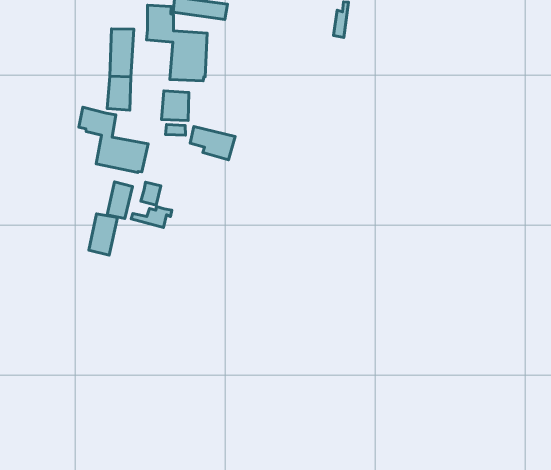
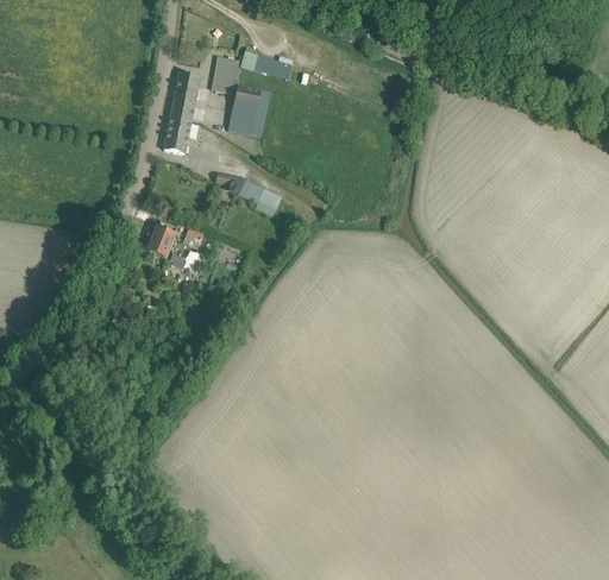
building: [161,91,189,120] -> none
building: [79,107,148,173] -> none
building: [89,214,117,255] -> none

